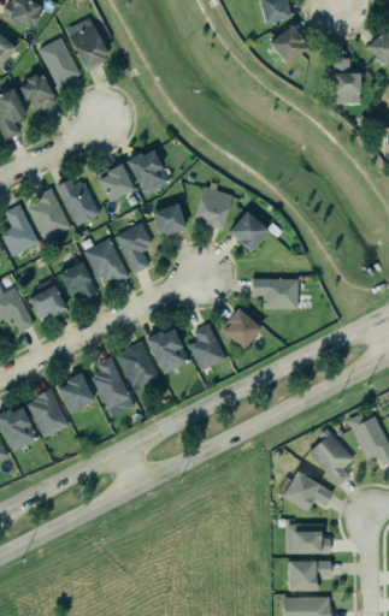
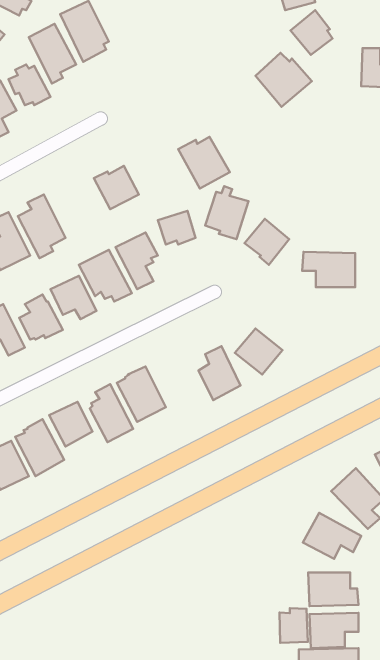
building: none -> [256,53,312,107]
building: [126,150,172,196] -> [178,137,230,188]
building: [57,179,101,227] -> none
building: [252,278,299,309] -> [302,252,355,287]
building: [147,330,190,374] -> none
building: none -> [280,608,308,643]

